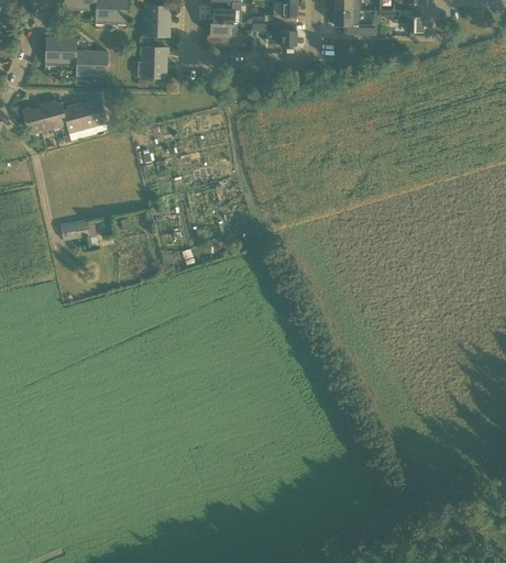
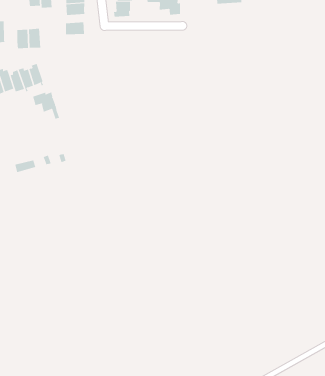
building: [60,36,77,65] -> none
building: [138,60,167,77] -> none
building: none -> [33,92,60,119]

